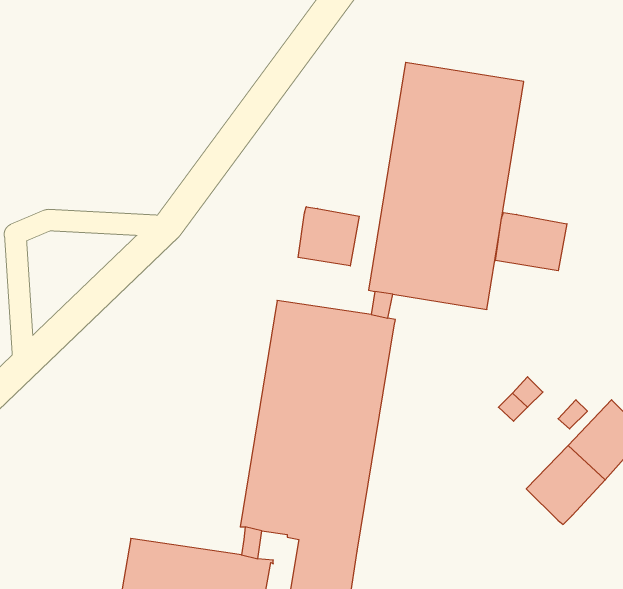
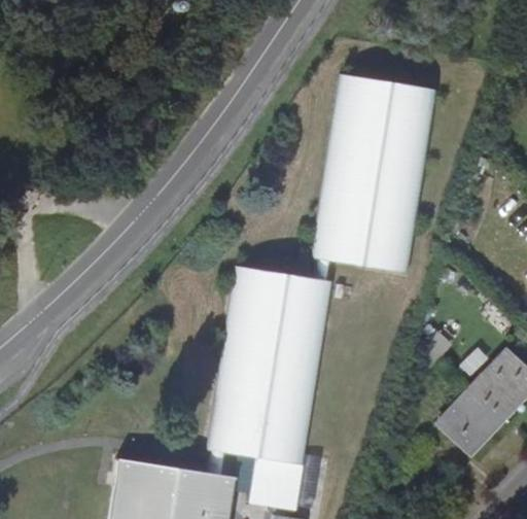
building: [298,207,359,266] -> none
building: [496,213,567,271] -> none

